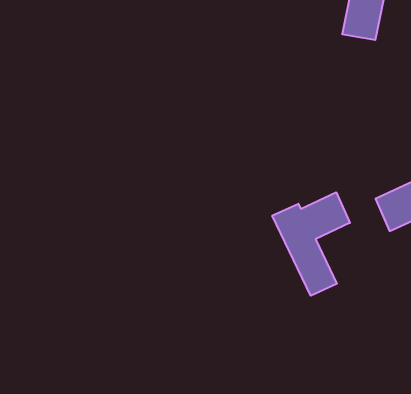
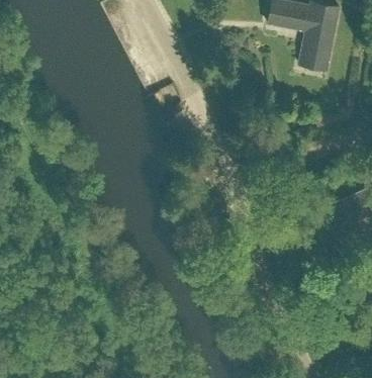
building: [272,192,350,296] -> none

